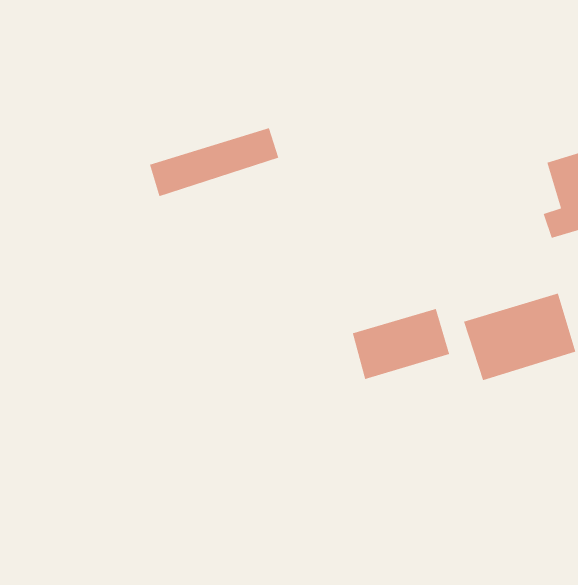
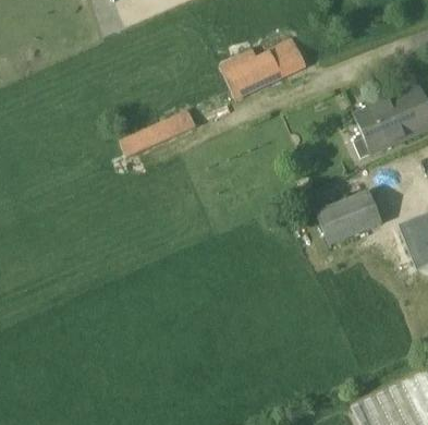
building: none -> [218,36,305,99]
building: [352,308,450,380] -> none

